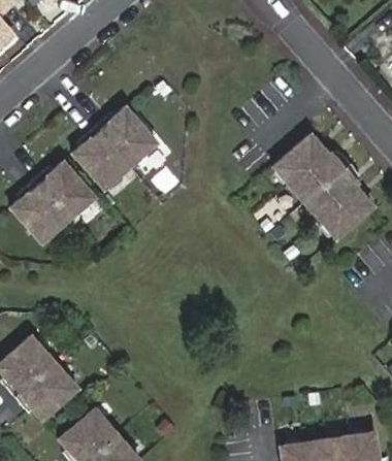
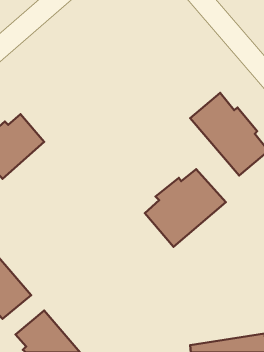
building: [73,105,157,187] -> none
building: none -> [145,169,226,247]

